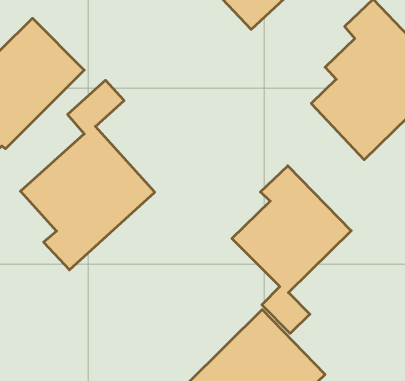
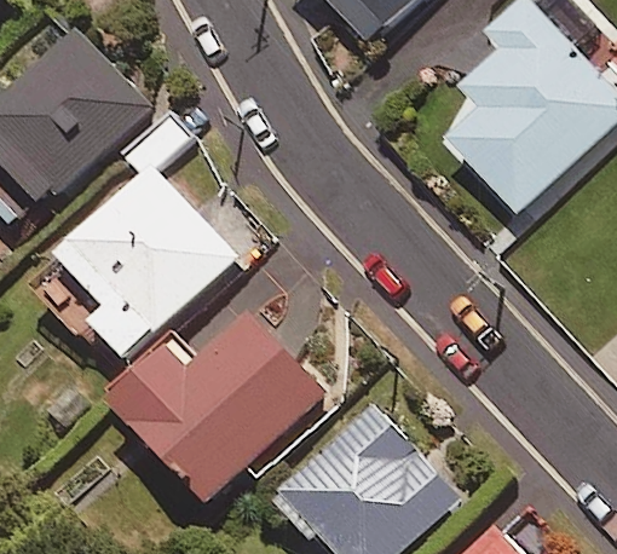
building: [232,166,351,333] -> none
building: none -> [110,307,318,494]

